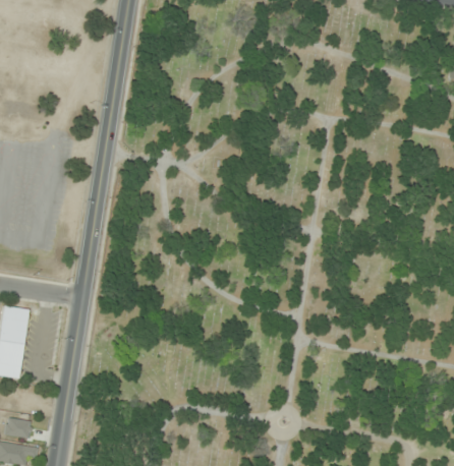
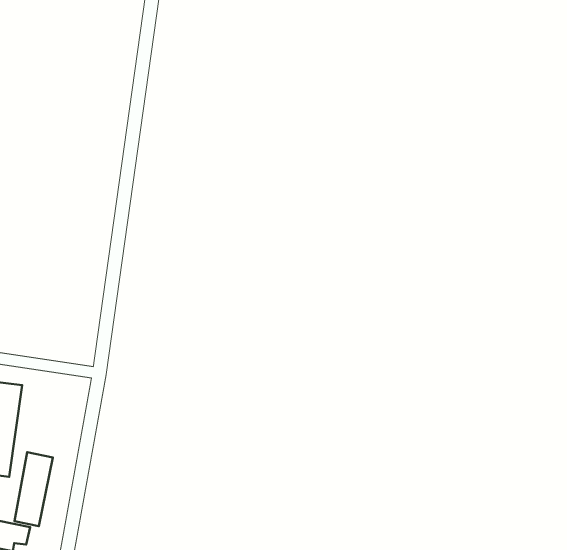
building: none -> [15,452,53,526]

